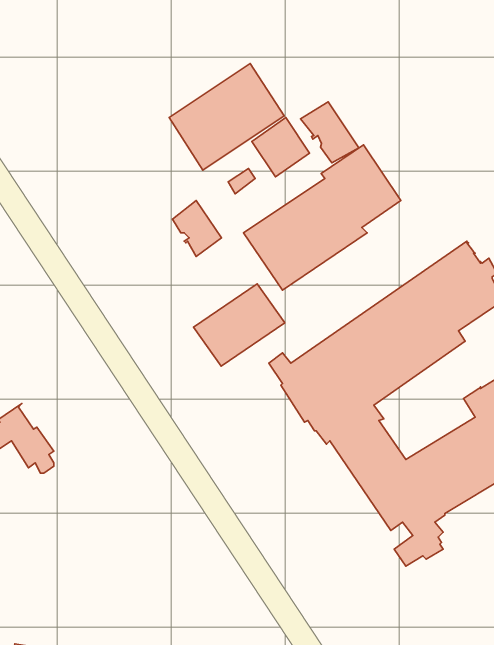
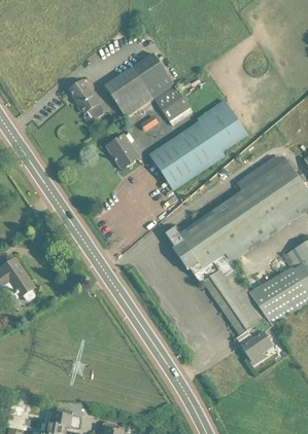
building: [301,102,359,163] -> none
building: none -> [69,78,105,115]
building: [194,284,285,366] -> none

